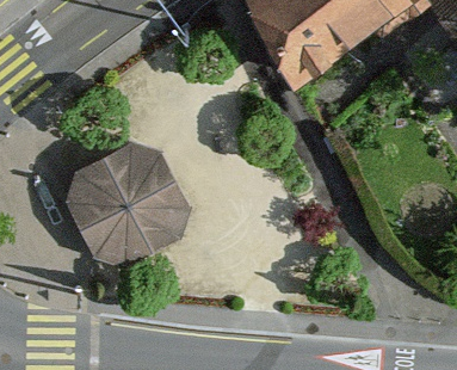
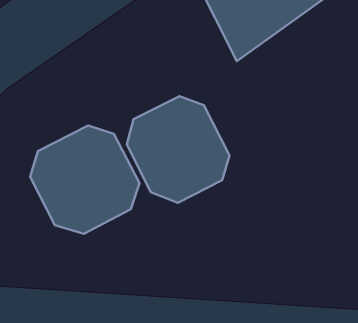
building: none -> [127,96,230,203]

